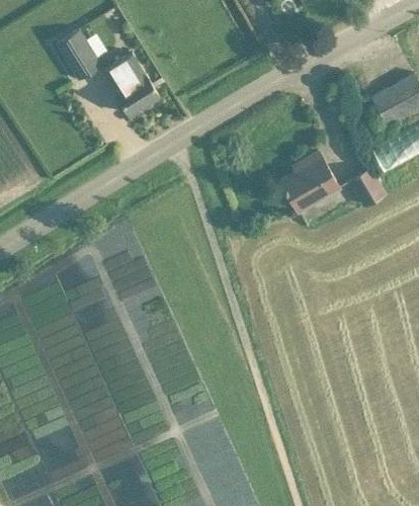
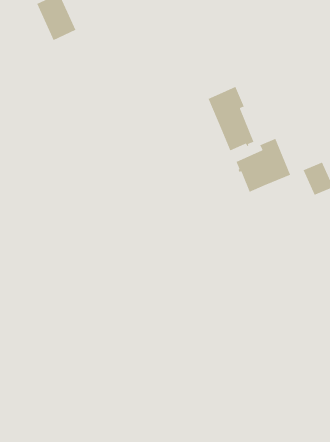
building: [102,53,158,114] -> none
building: none -> [207,86,255,152]

